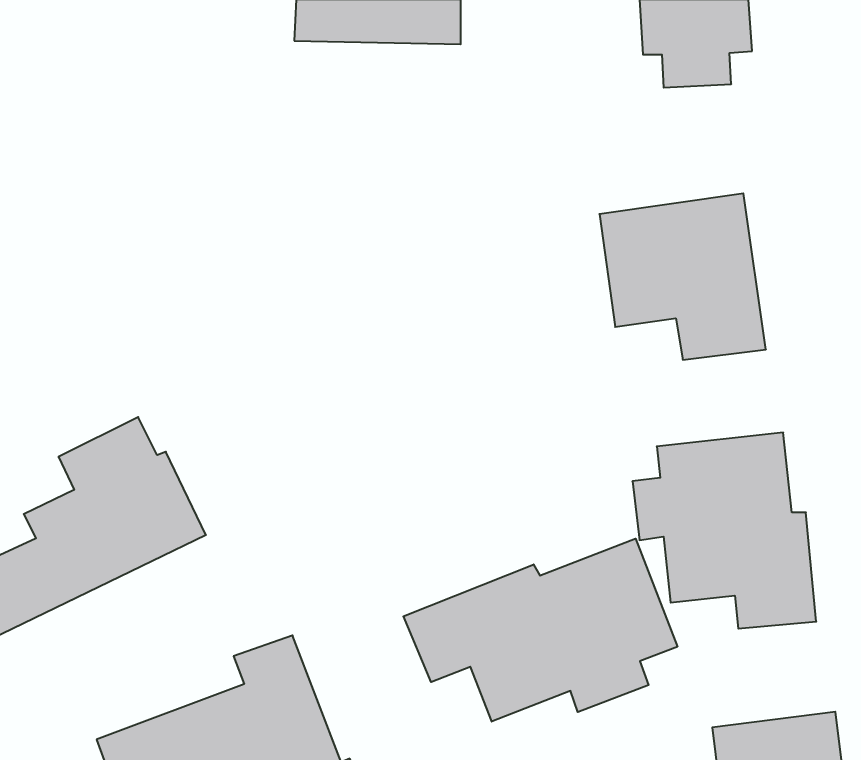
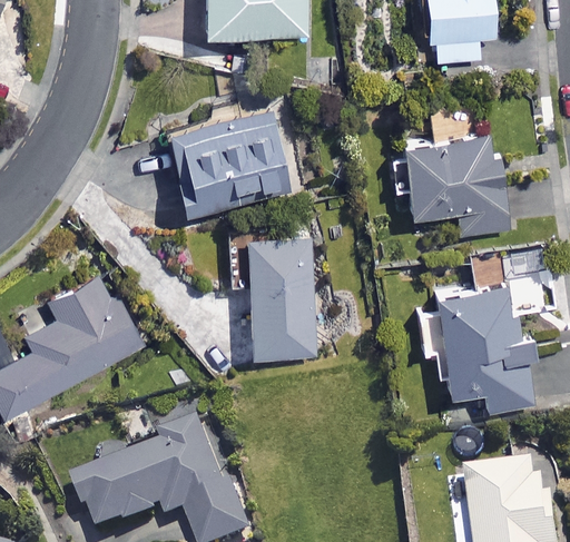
building: none -> [168,115,288,211]
building: none -> [247,237,314,353]
building: [403,539,677,722] -> none

